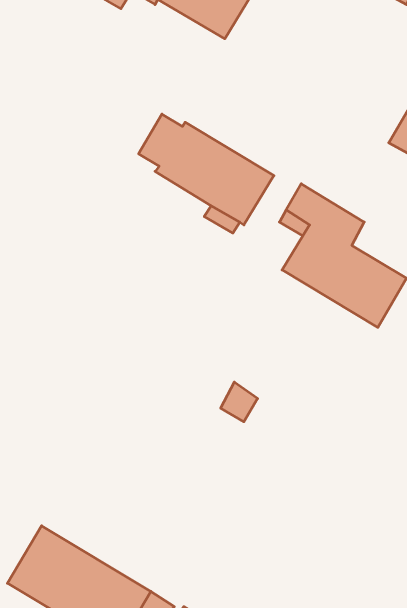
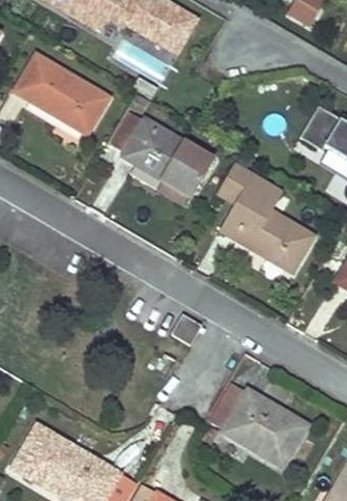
building: none -> [16,55,110,134]
building: none -> [211,387,307,468]

